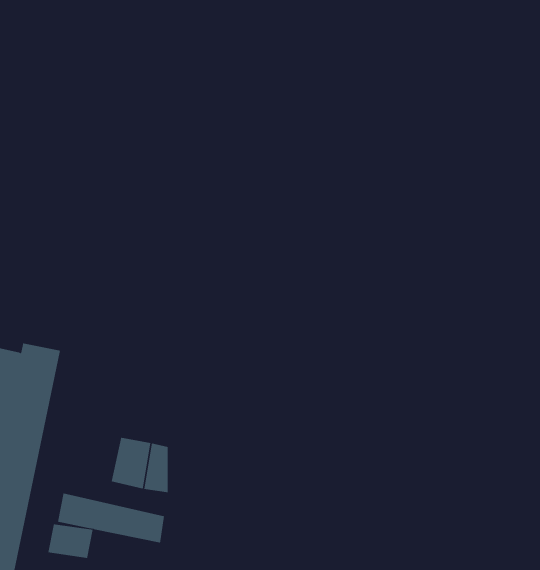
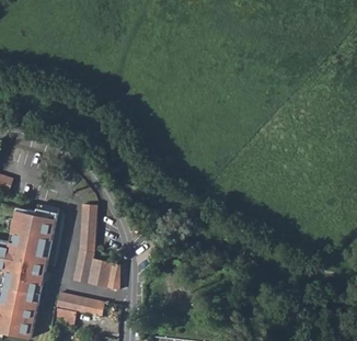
building: none -> [73,204,97,283]

